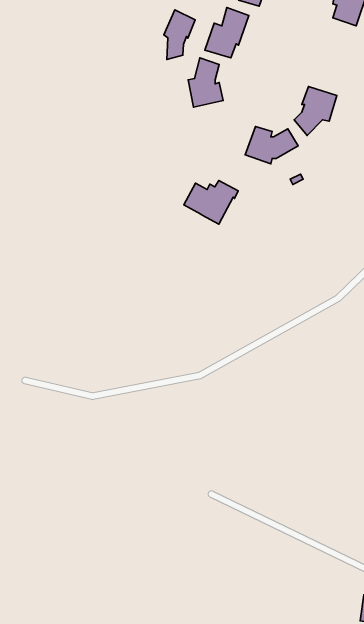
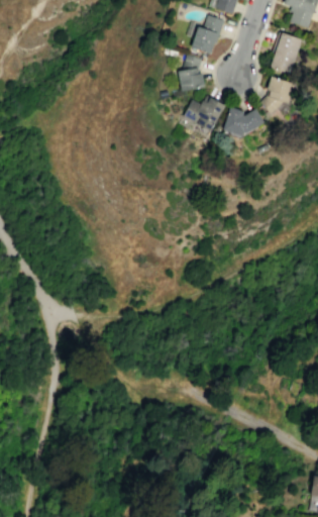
building: [164,10,195,60] -> none
building: none -> [270,32,301,75]
building: [184,180,238,224] -> [182,97,224,131]

